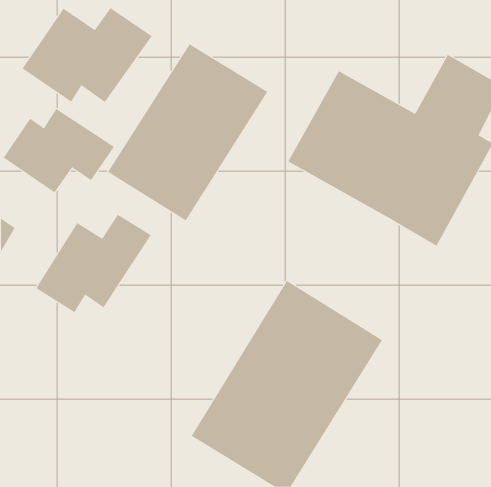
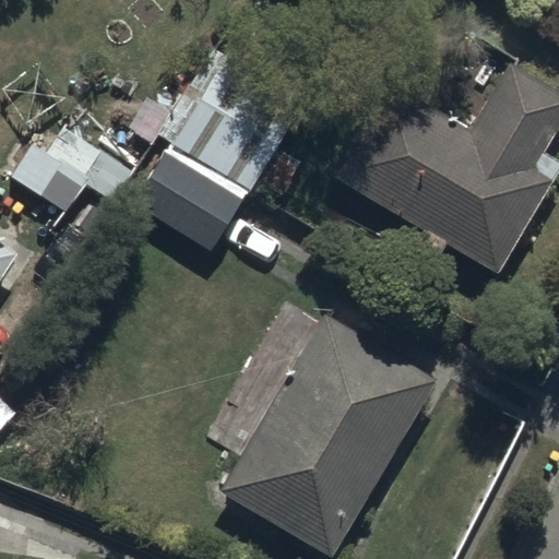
building: [22,7,153,103] -> none
building: [35,214,151,313] -> none

